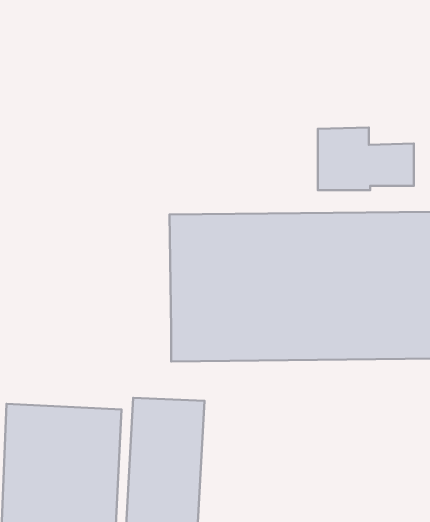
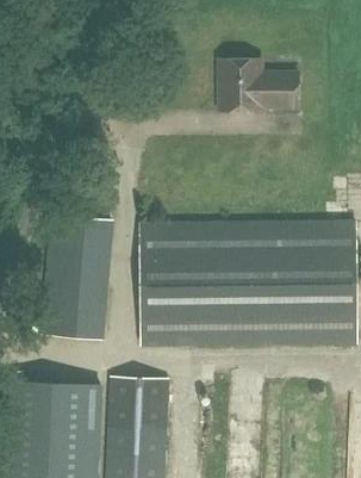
building: [318,128,414,190] -> [218,60,297,111]
building: none -> [41,216,112,336]

